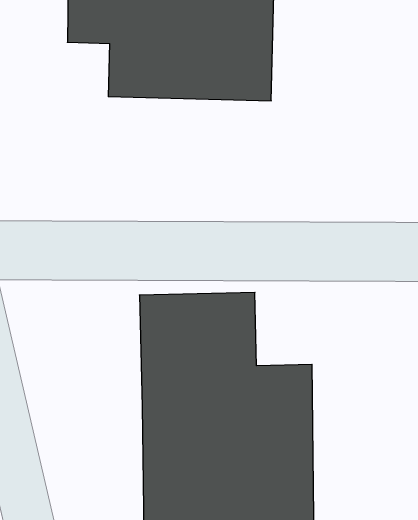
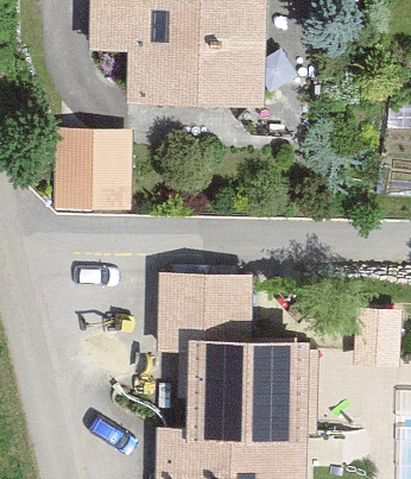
building: none -> [58,121,134,204]

